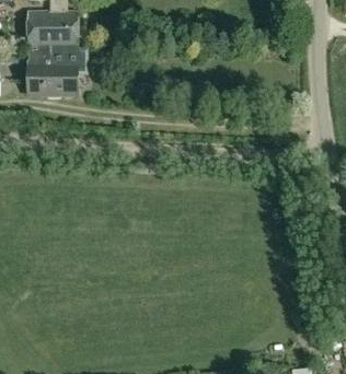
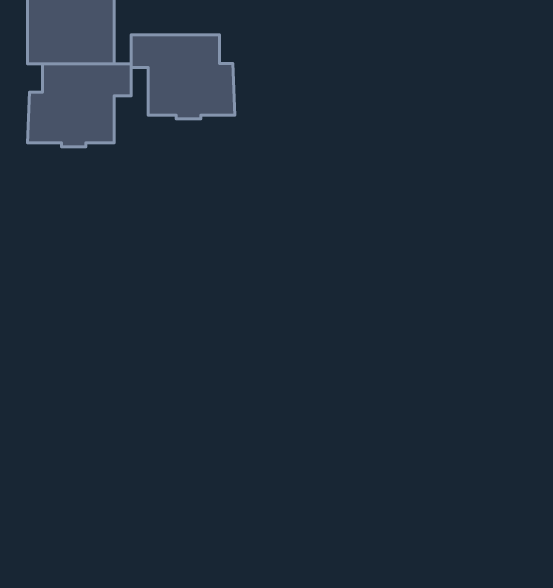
building: none -> [131,35,235,119]

